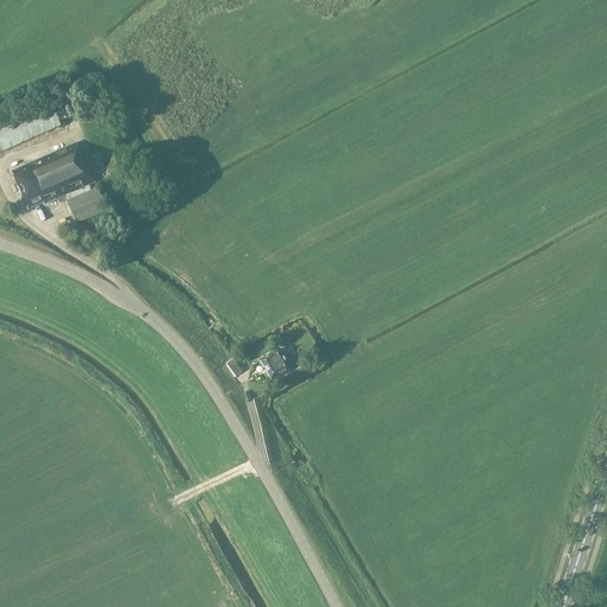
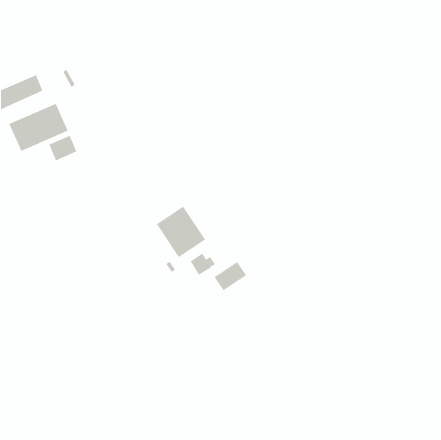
building: none -> [156,206,206,258]
building: none -> [214,261,247,291]

